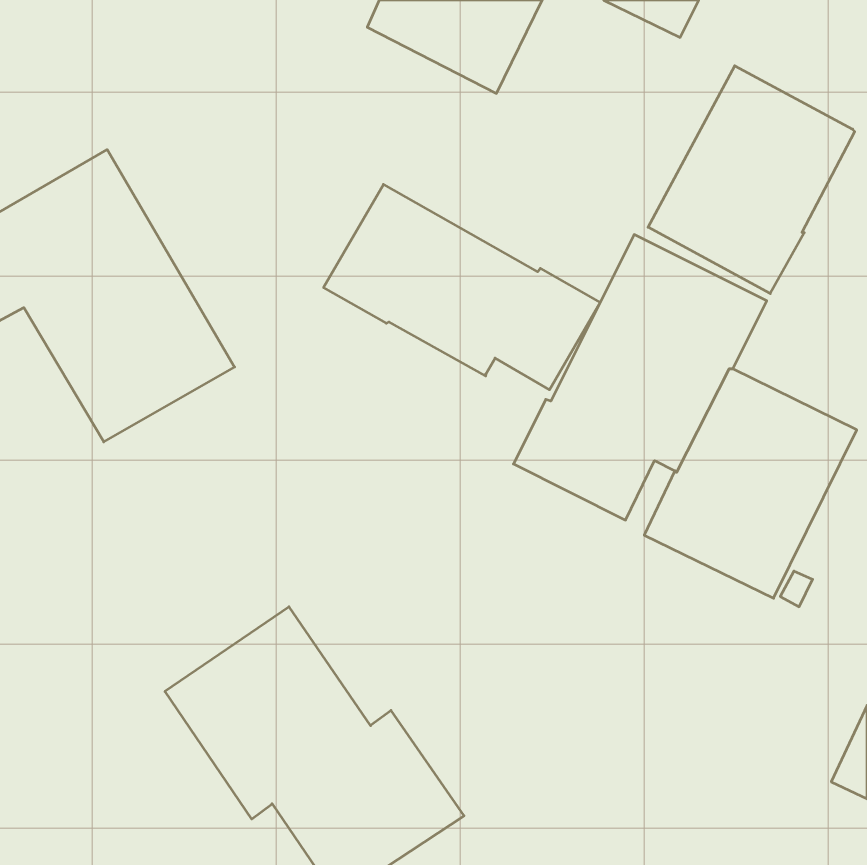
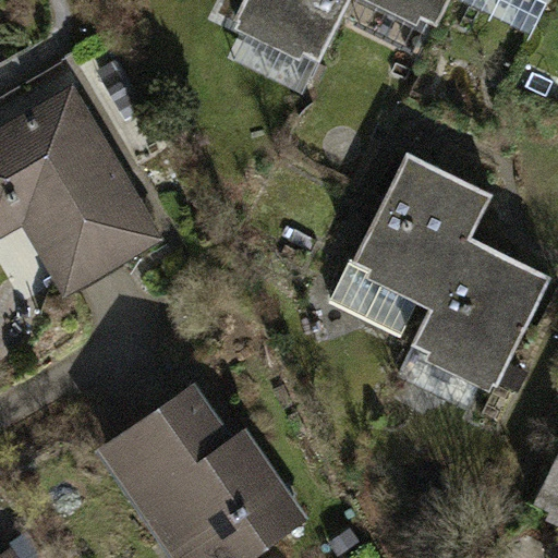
building: [648,66,855,294] -> none
building: [324,184,600,390] -> none

